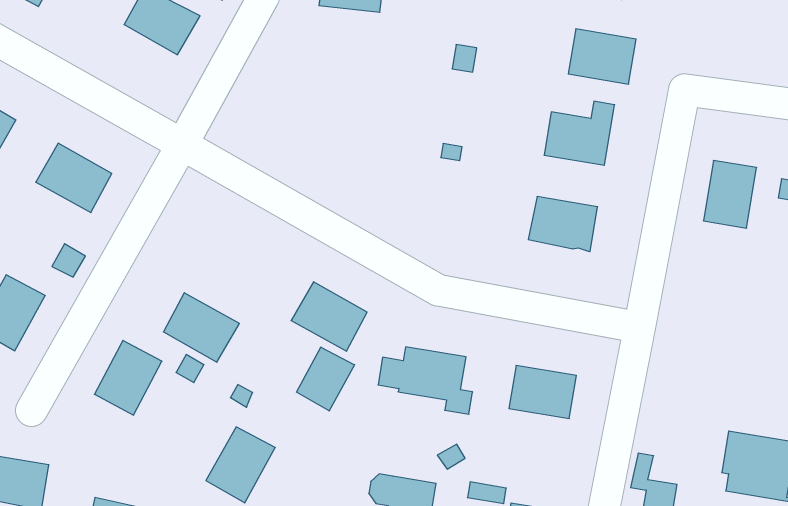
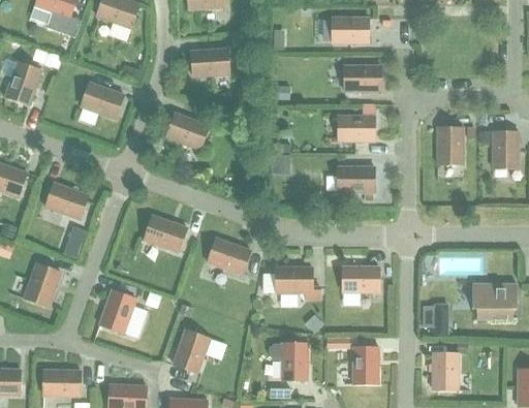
building: none -> [165,112,209,149]
building: [163,293,239,362] -> [144,214,187,251]
building: [297,347,355,411] -> none

